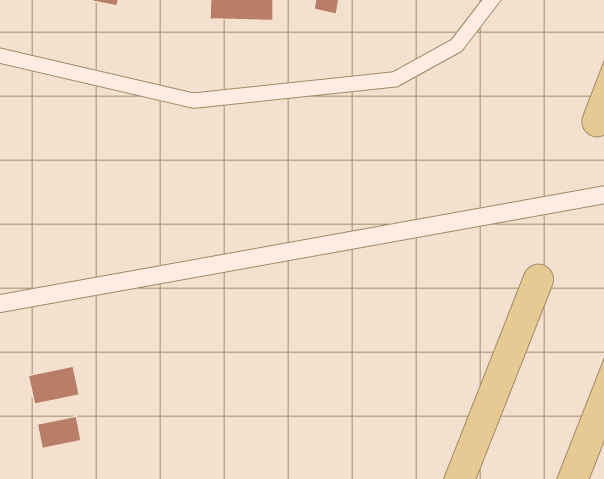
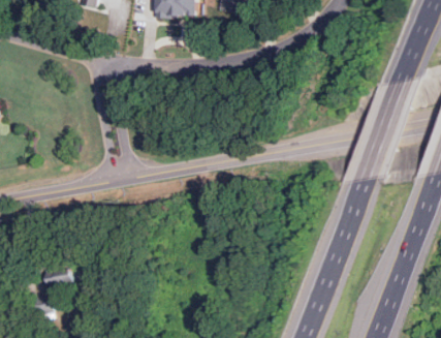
building: [28,366,79,404] -> none

